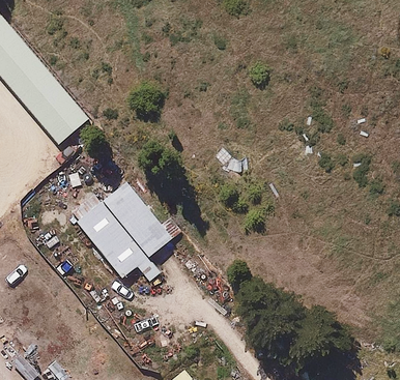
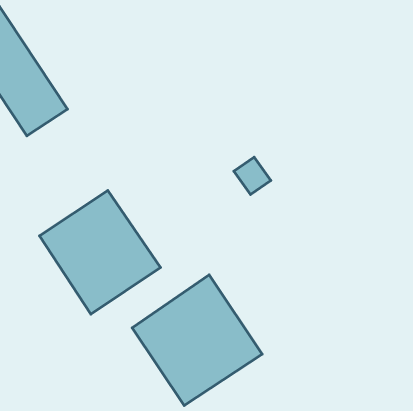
building: none -> [132,275,262,405]

